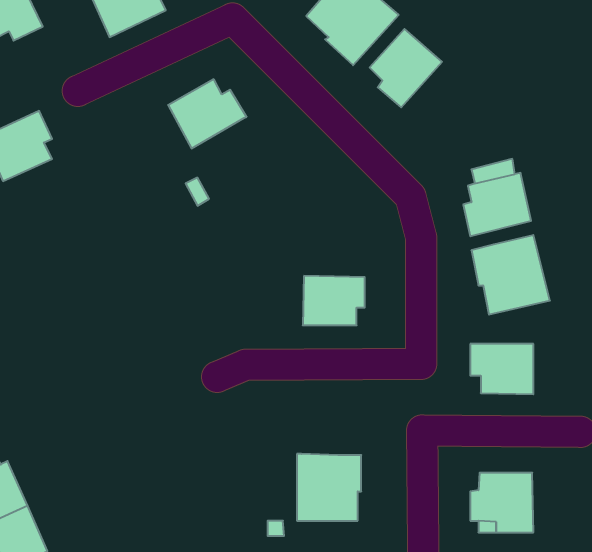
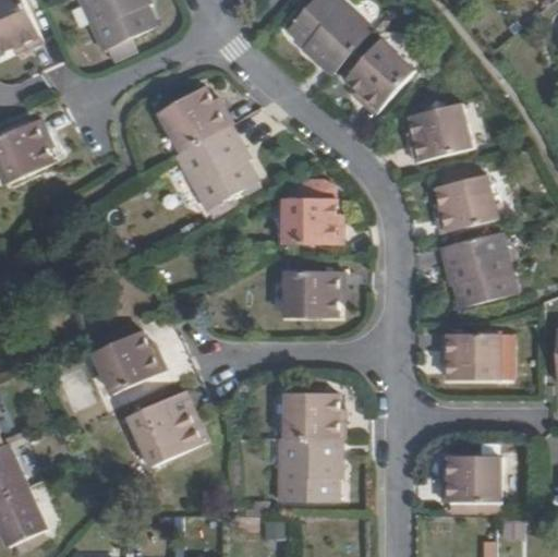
building: none -> [408,104,472,161]
building: none -> [177,123,257,208]
building: none -> [283,183,341,244]
building: none -> [92,329,163,391]
building: none -> [283,391,343,437]
building: none -> [128,392,206,464]

